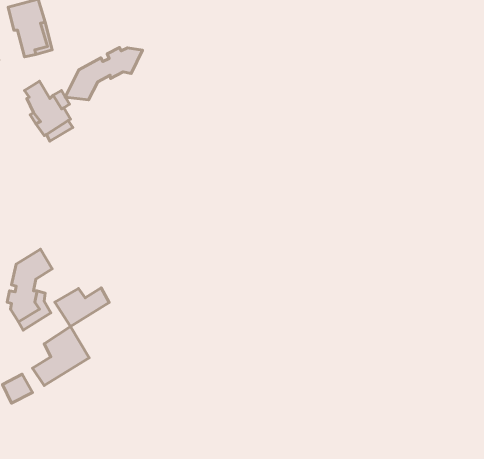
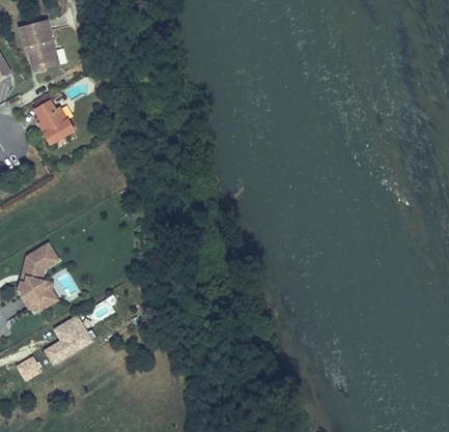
building: [65,47,143,100] -> none
building: [55,288,109,327] -> none

